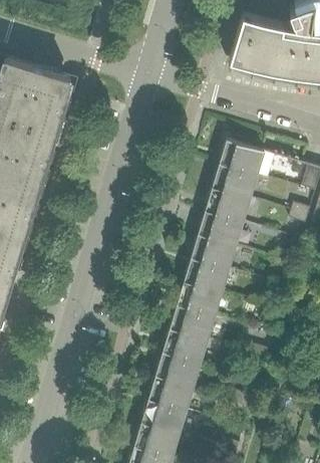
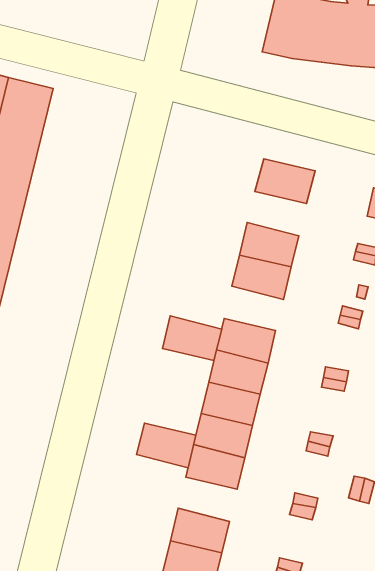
building: [211,167,256,202] -> none
building: [190,237,235,272] -> [163,316,222,360]
building: [147,379,193,414] -> [137,423,196,468]

